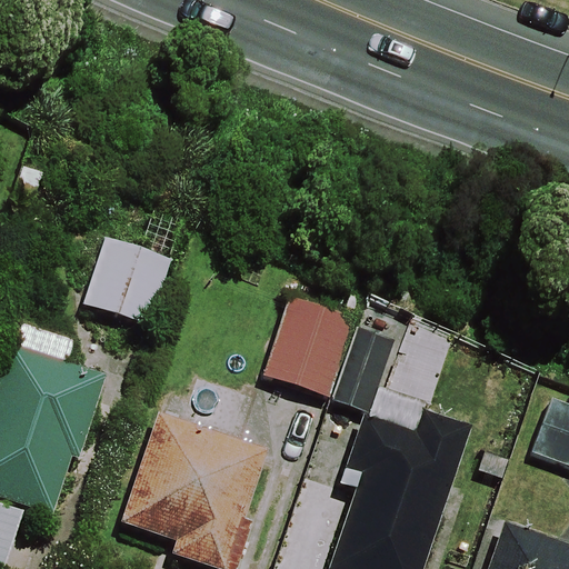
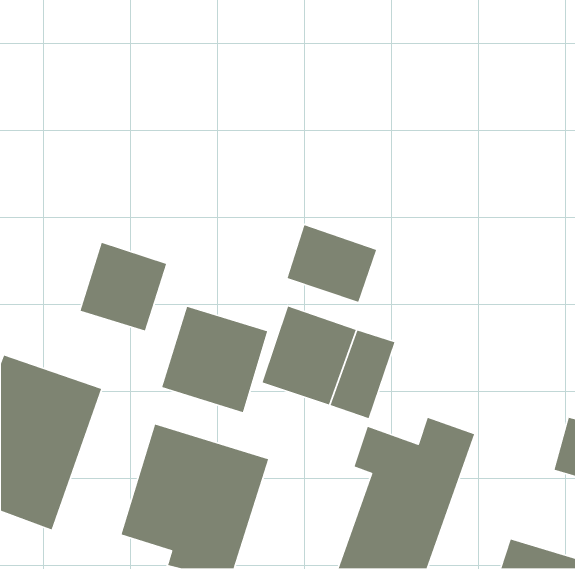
building: none -> [286,224,377,303]
building: none -> [161,306,268,413]

